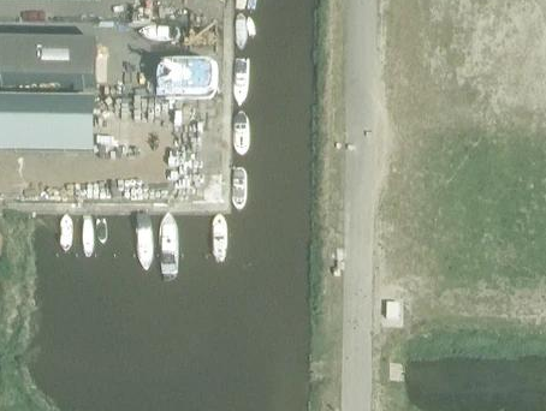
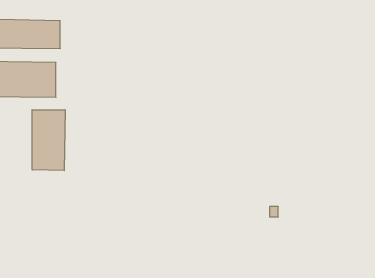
building: none -> [32,110,65,171]

